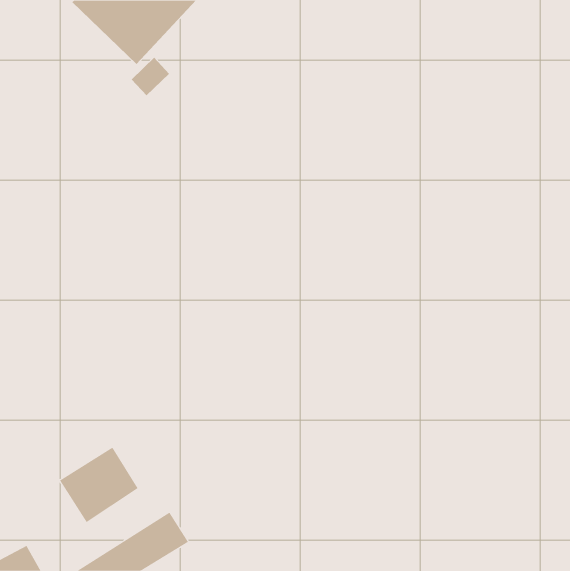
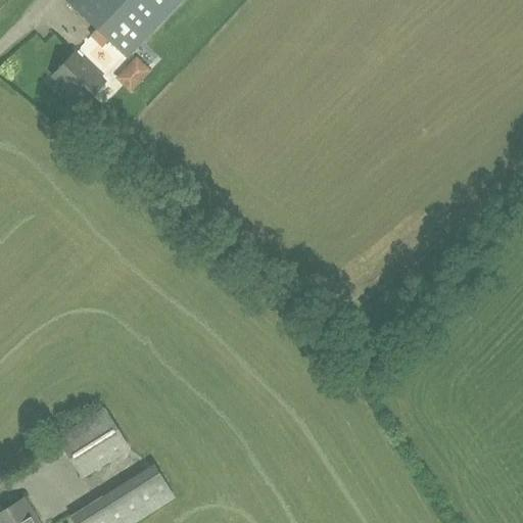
building: none -> [51,53,104,105]

